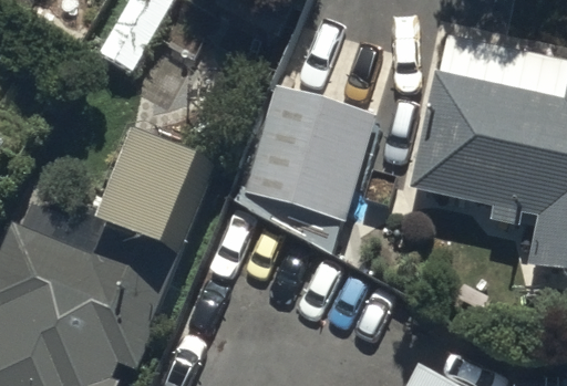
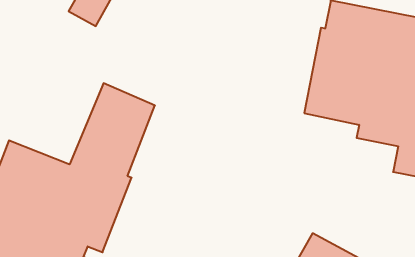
building: [238,86,375,242] -> none

